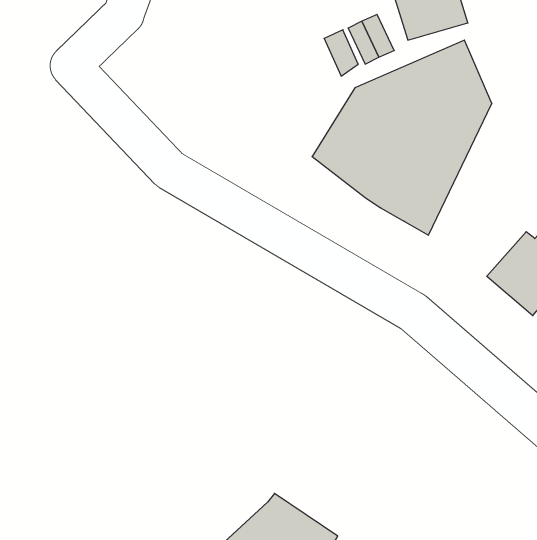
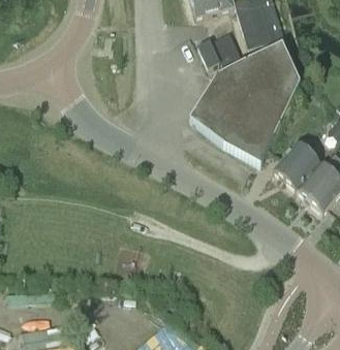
building: none -> [272,142,318,190]

